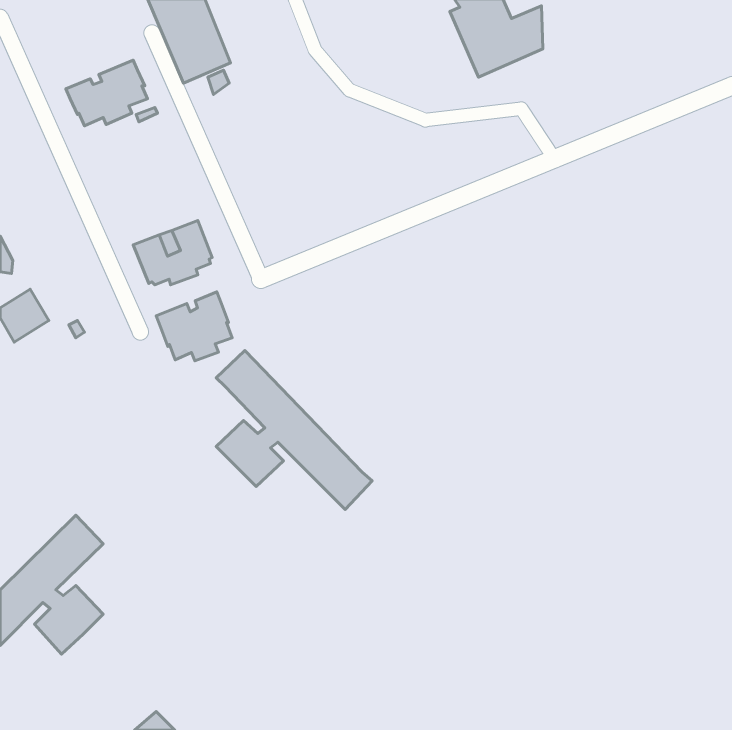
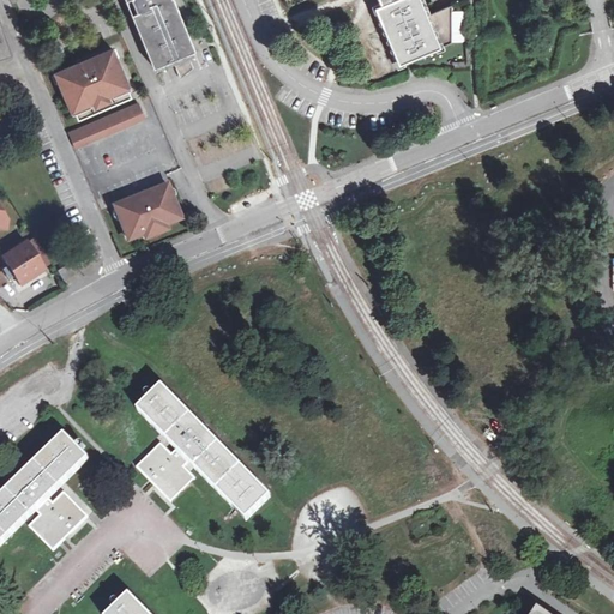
building: none -> [68,98,144,145]
building: [156,292,232,361] -> none
building: [216,351,372,509] -> [137,384,267,517]

